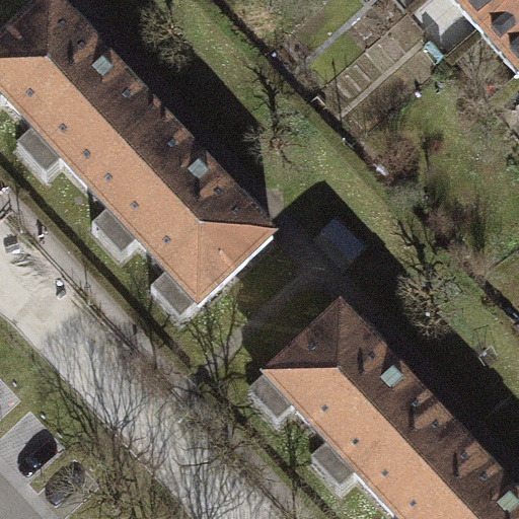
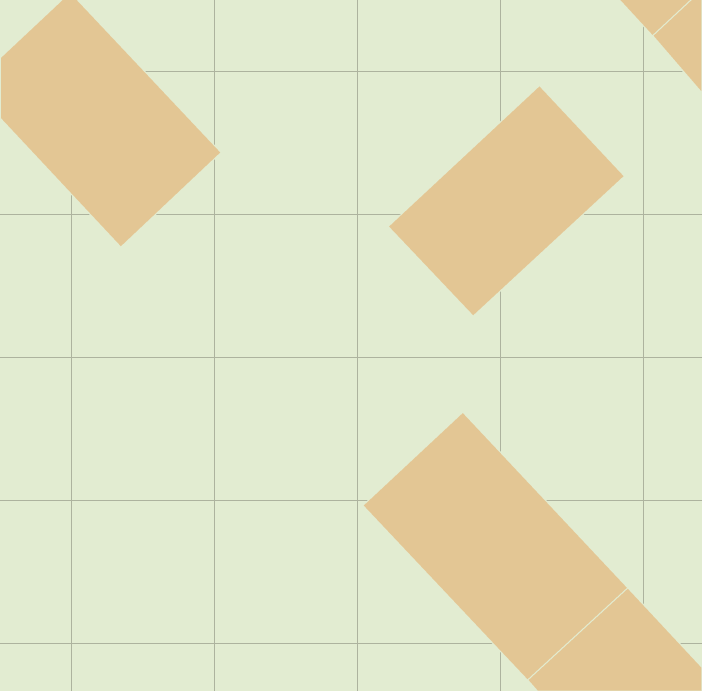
building: none -> [388,85,625,316]
building: [89,113,275,301] -> none

